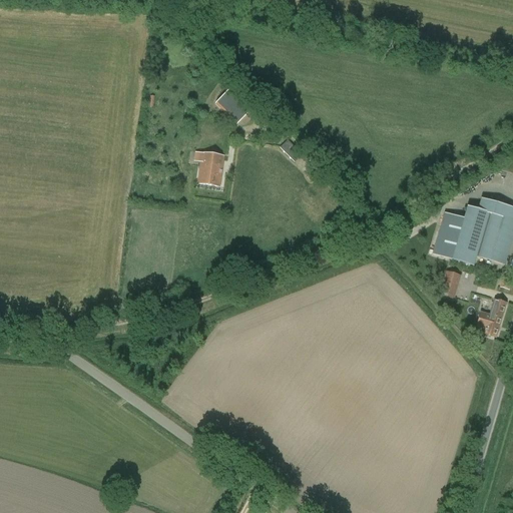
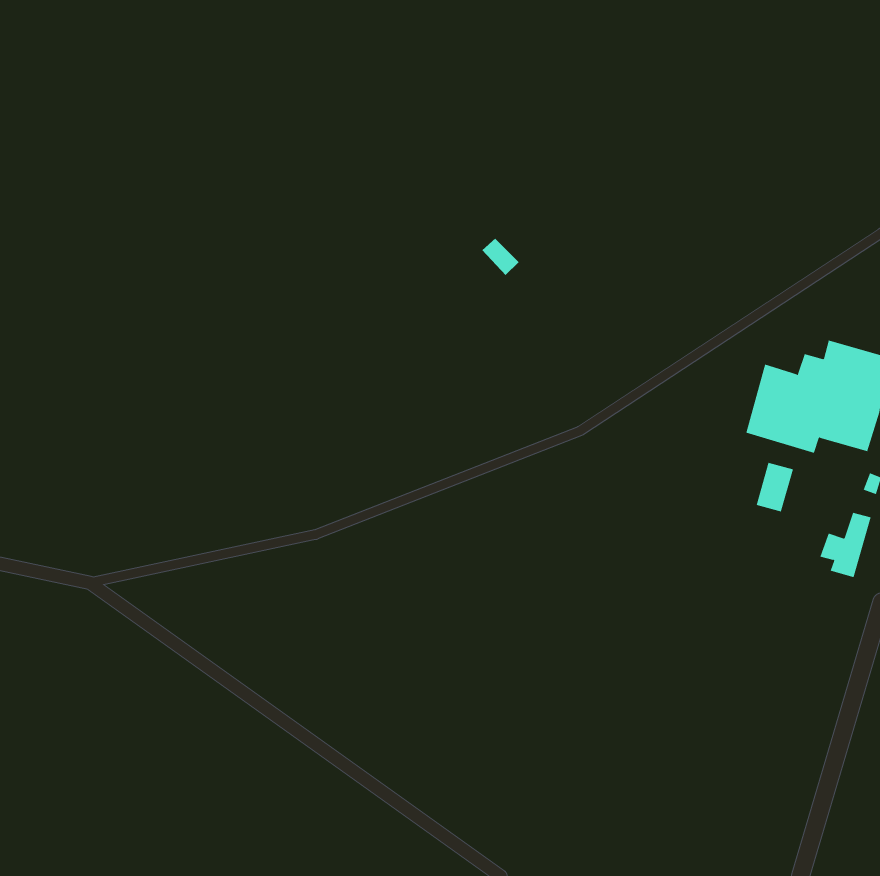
building: [215,87,252,123] -> none
building: [197,151,225,184] -> none

